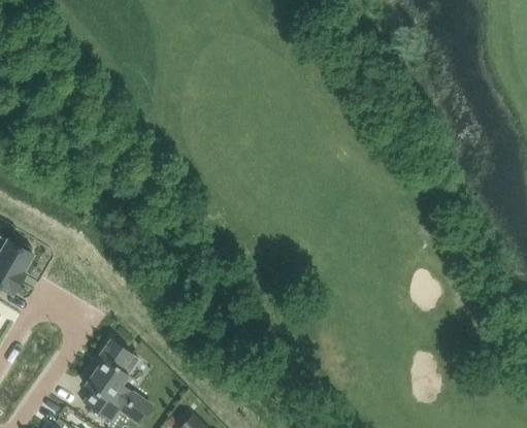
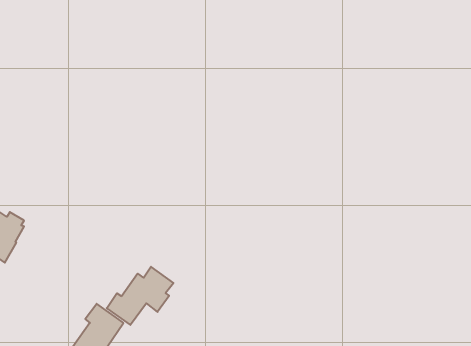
building: none -> [107,267,173,325]

